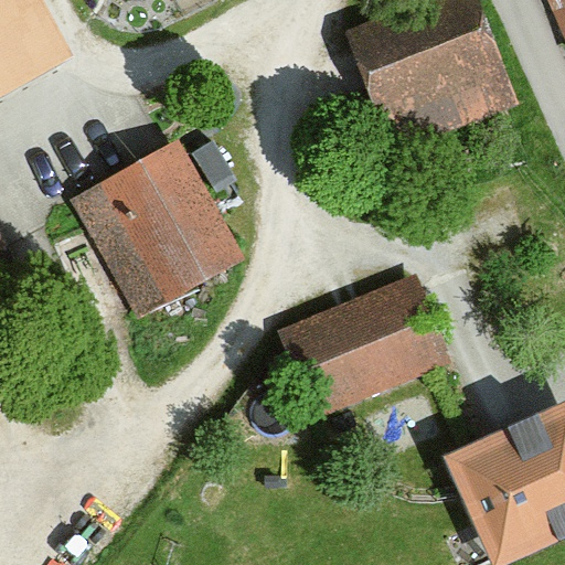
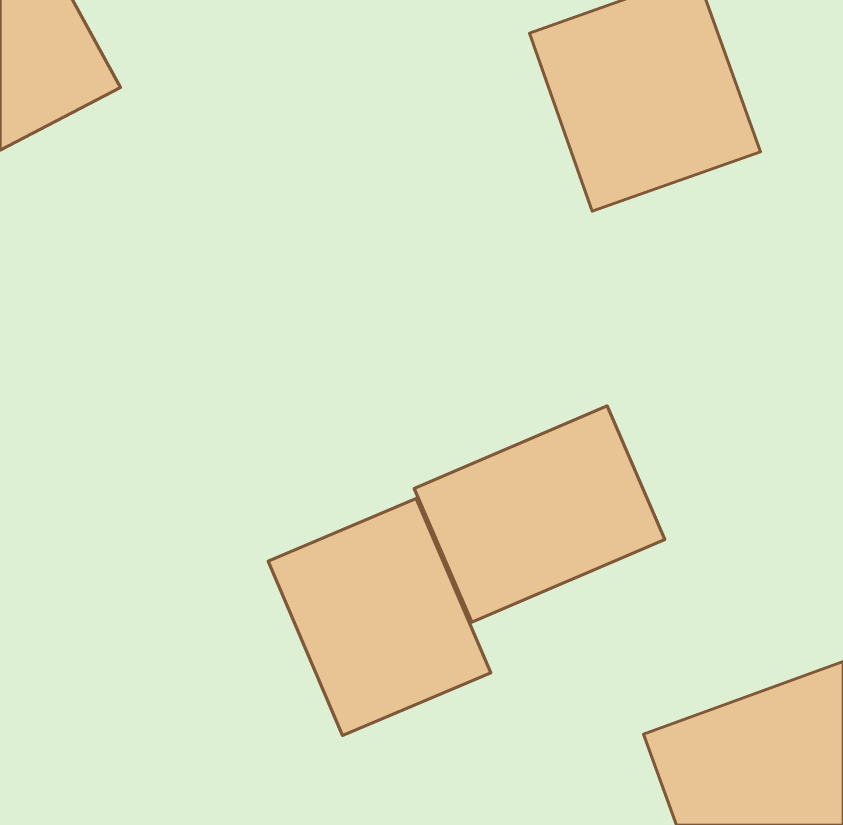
building: [86,153,233,302] -> none
building: none -> [268,498,491,735]

